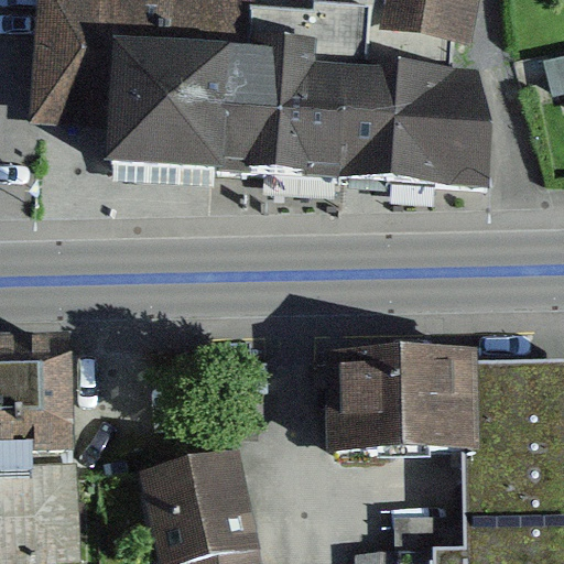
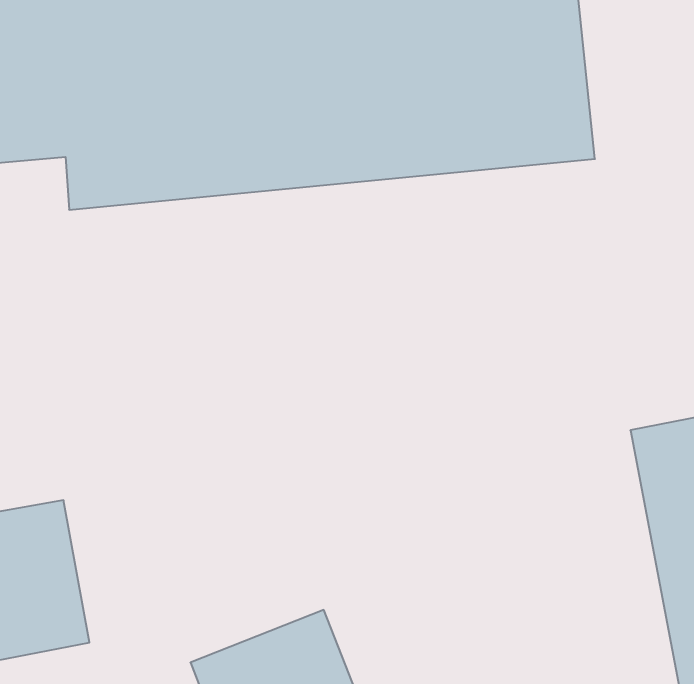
building: [327,350,473,465] -> none

